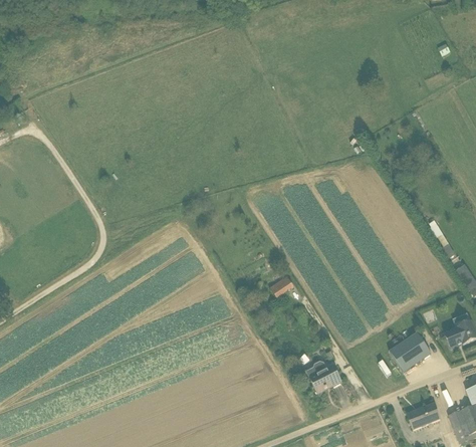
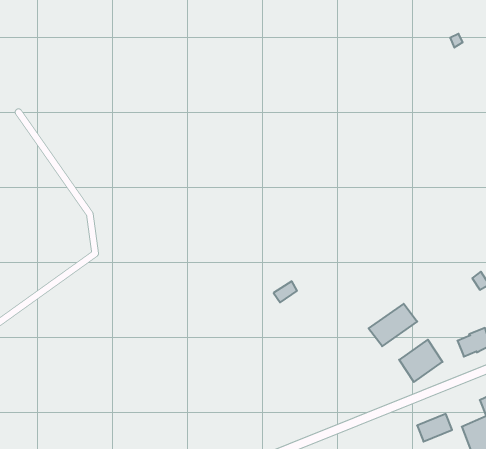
building: none -> [369,304,417,346]
building: [306,361,341,393] -> none

